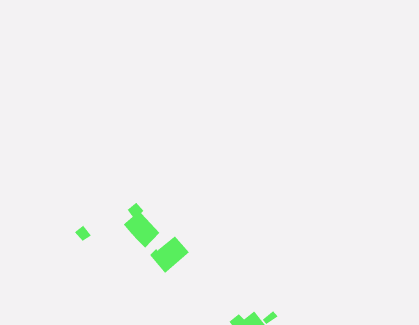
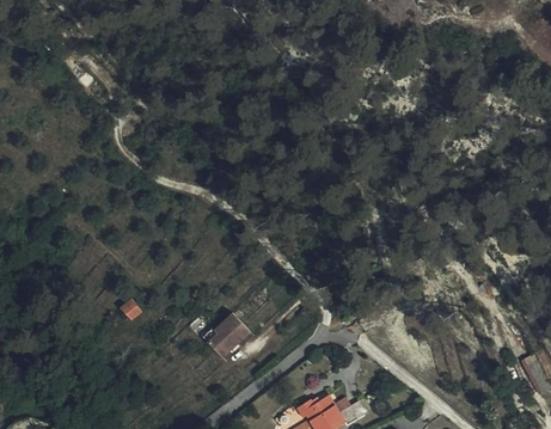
building: [123,202,160,248] -> none

